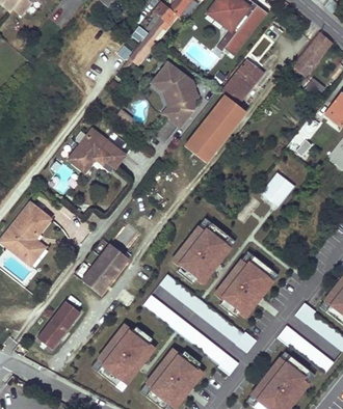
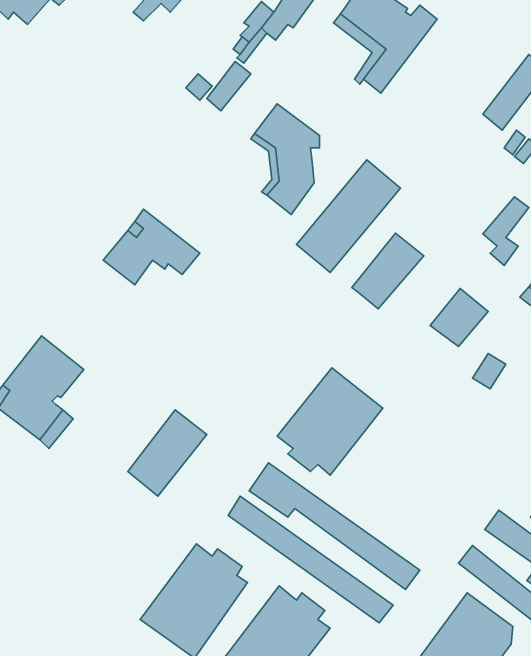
building: [219,61,262,106] -> [352,233,424,309]
building: [217,252,280,319] -> none
building: [36,300,82,350] -> none

